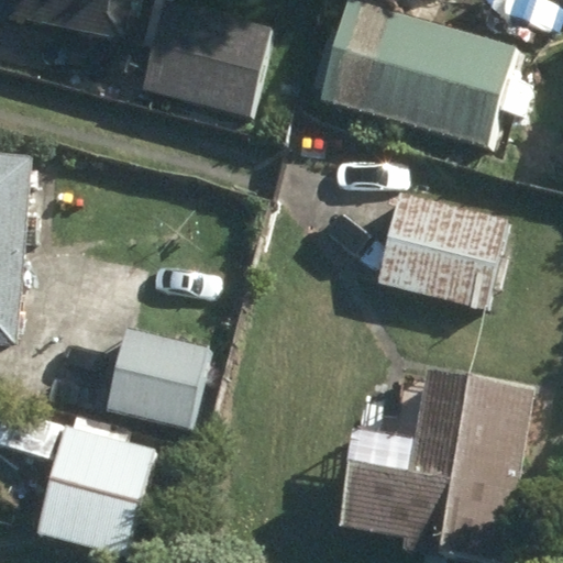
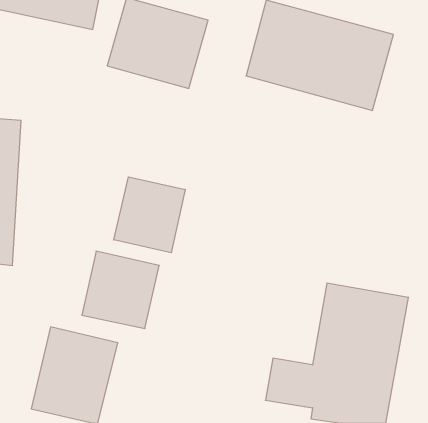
building: [378,189,507,308] -> none
building: none -> [114,177,185,253]

